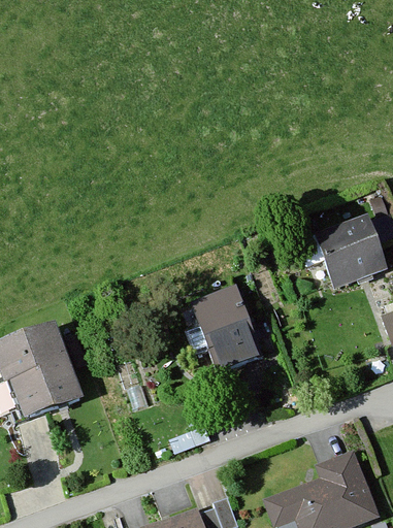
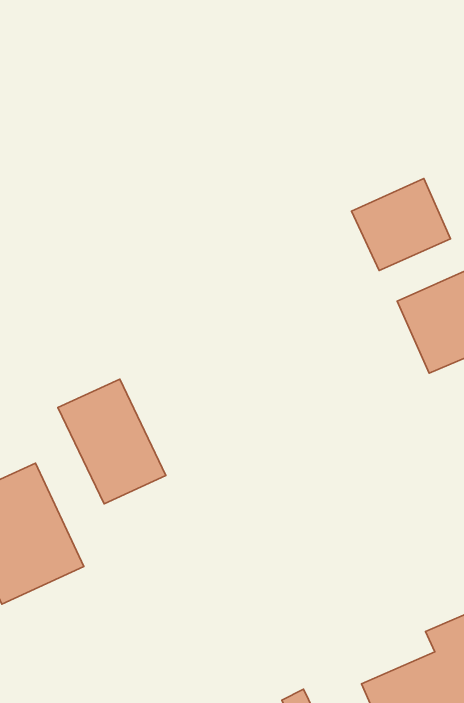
building: none -> [351,179,450,271]
building: [191,287,261,371] -> [58,379,166,504]

